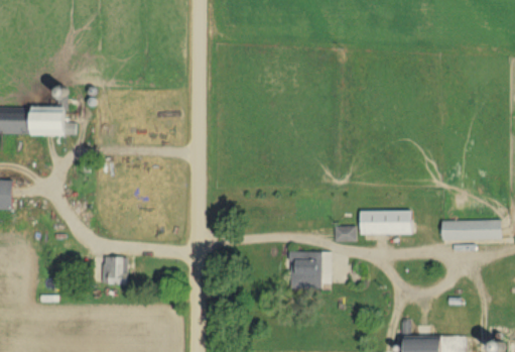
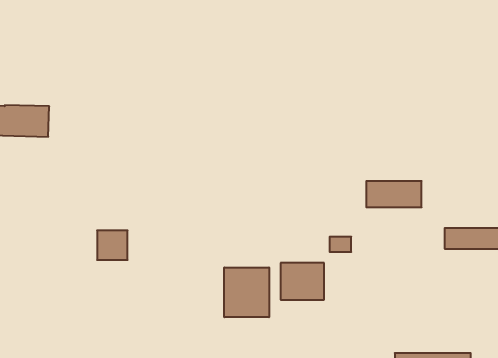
building: [361,211,412,235] -> [366,181,422,207]
building: [101,257,129,284] -> [97,230,128,260]
building: none -> [224,267,269,317]

